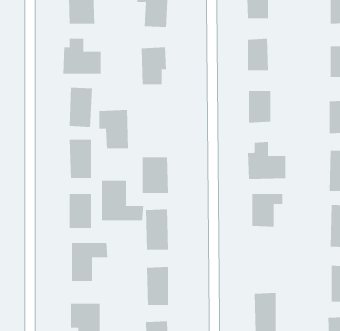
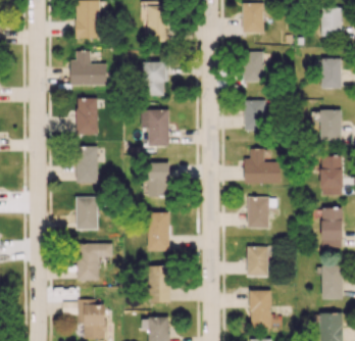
building: [98,110,129,149] -> [141,109,169,146]
building: [101,180,144,221] -> none
building: none -> [246,246,267,277]

